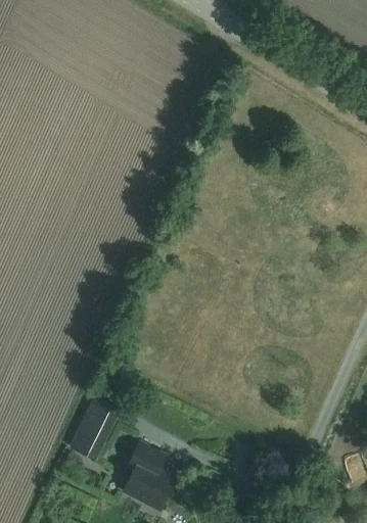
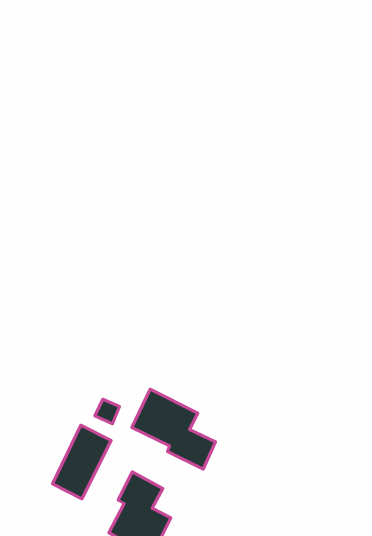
building: none -> [132,389,215,469]

